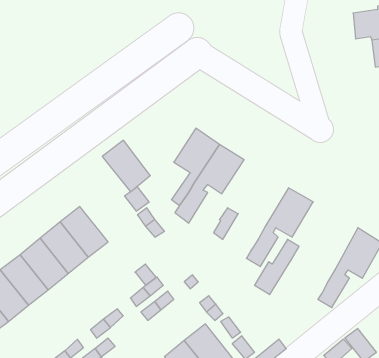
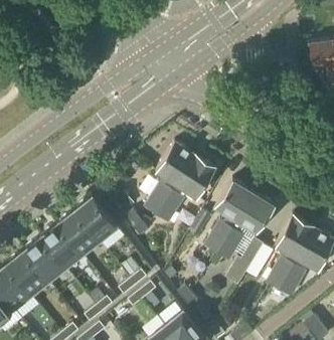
building: [102,140,150,192] -> [75,195,117,239]
building: none -> [204,180,255,253]
building: none -> [268,215,314,289]

